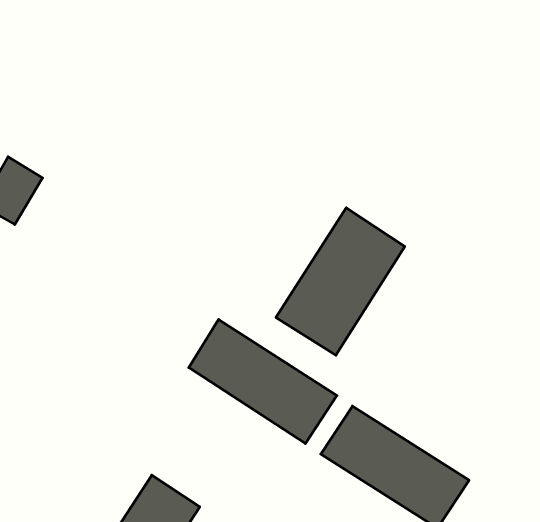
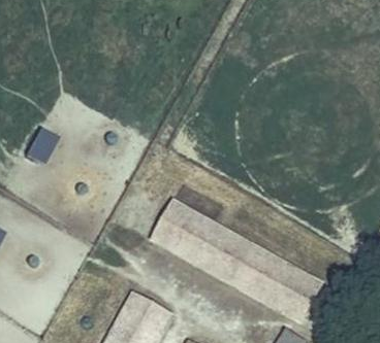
building: [276,208,405,355] -> none

